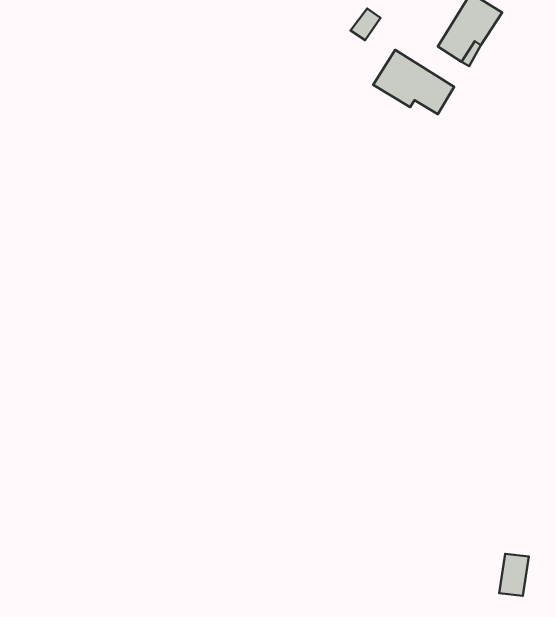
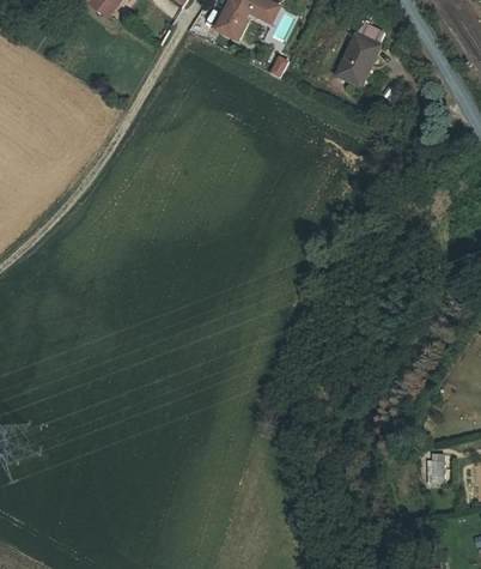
building: [373,50,454,114] -> none

